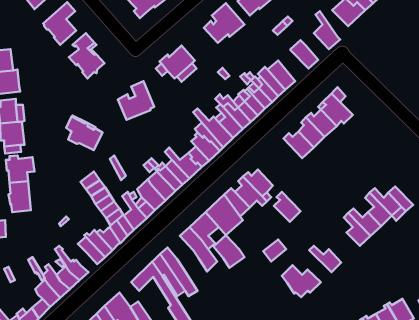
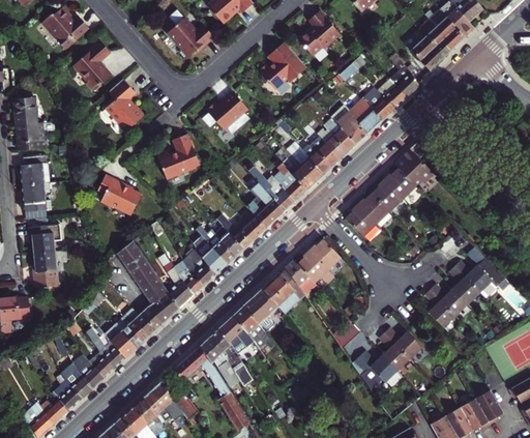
building: none -> [379,79,406,110]
building: none -> [340,98,382,135]
building: [274,192,300,222] -> [344,202,375,237]
building: [213,235,245,268] -> [217,316,254,354]
building: none -> [91,316,136,358]
building: none -> [378,332,409,370]

